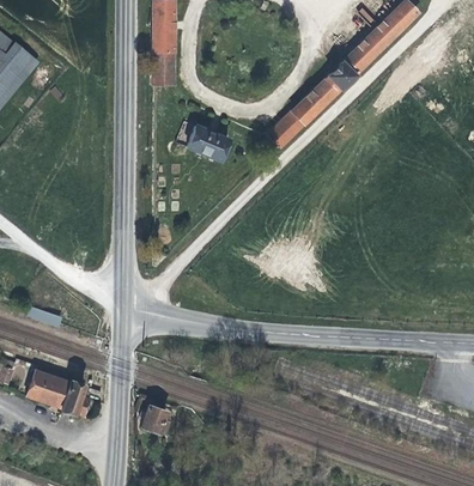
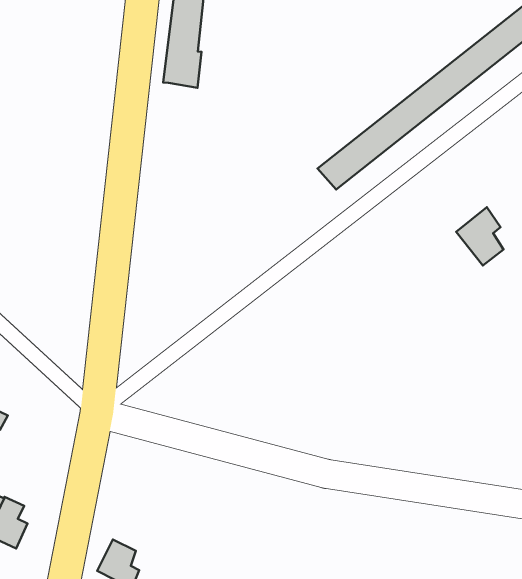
building: [187,127,229,164] -> none
building: none -> [456,207,504,266]

